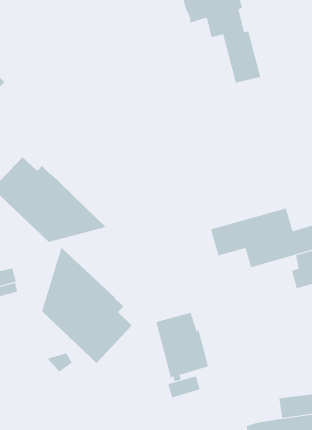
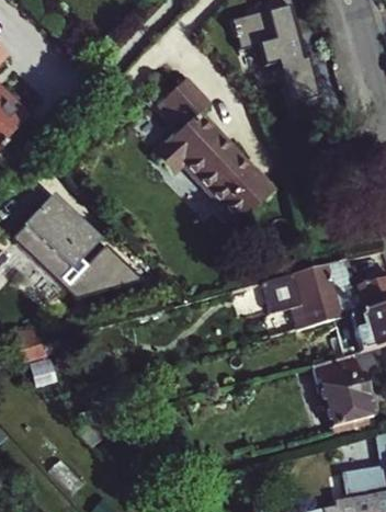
building: none -> [157,76,276,220]
building: [41,247,132,364] -> none
building: [156,312,209,382] -> [310,352,371,431]

